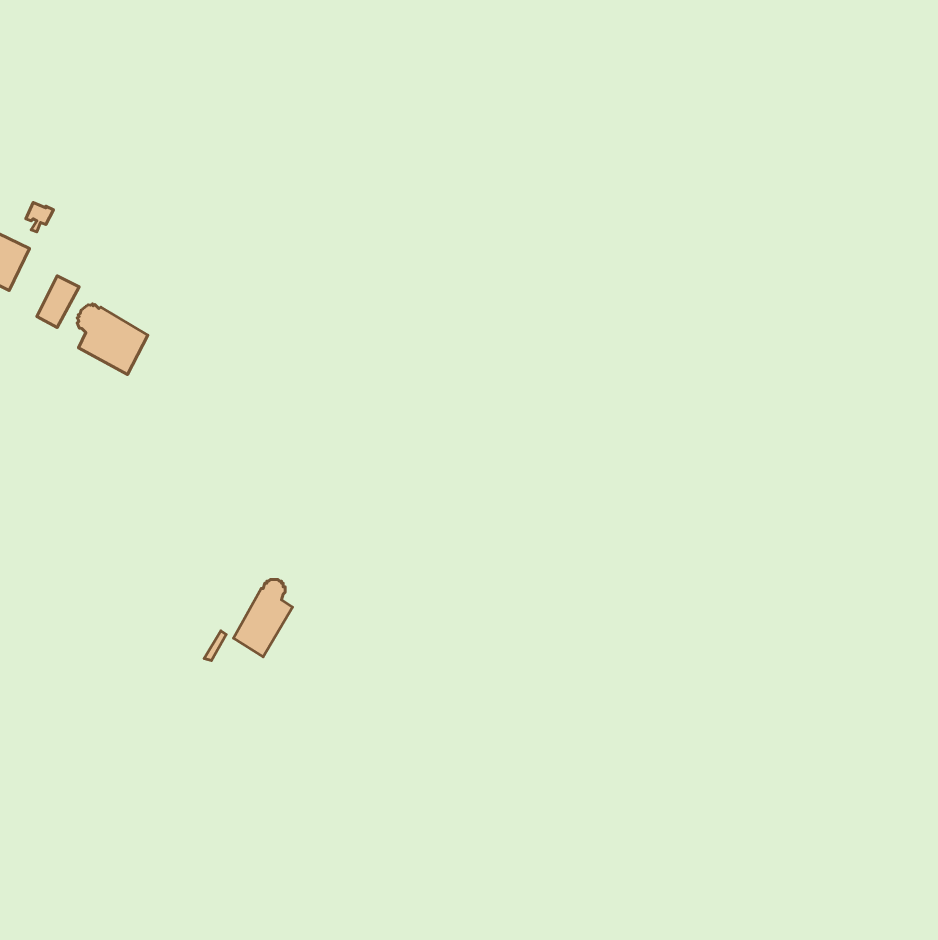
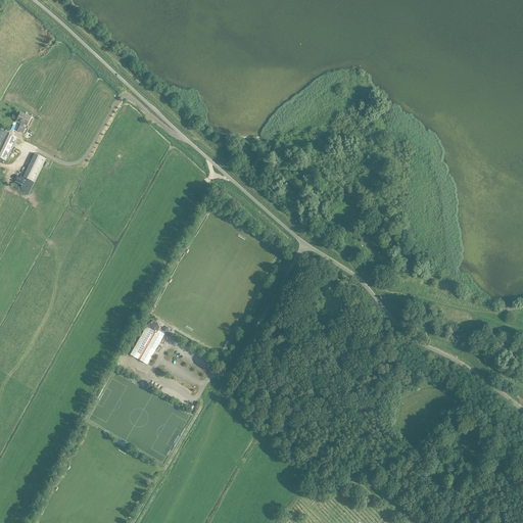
building: [77,304,148,374] -> none

